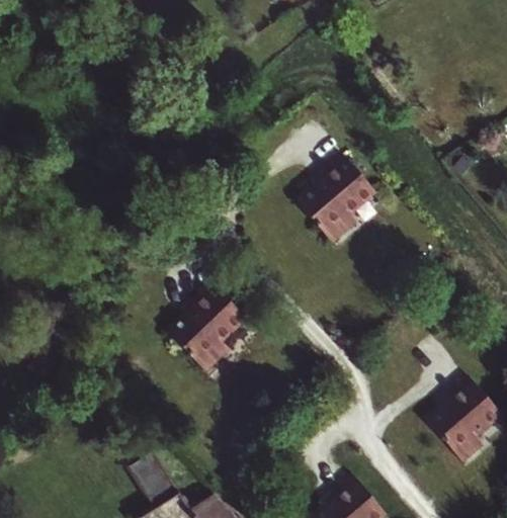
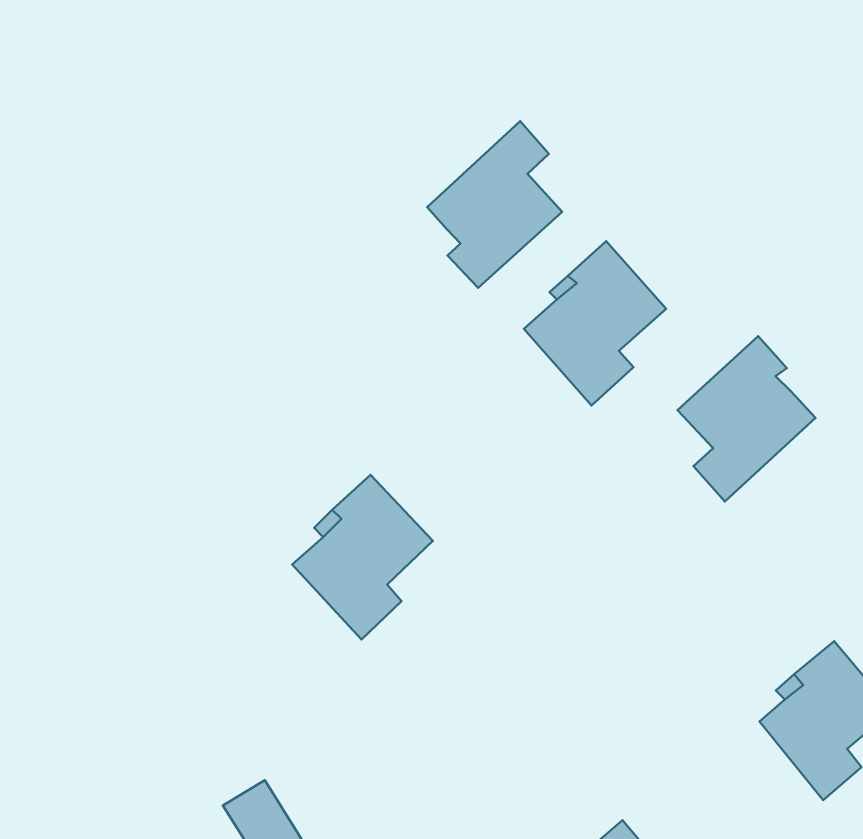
building: none -> [427,121,562,288]
building: none -> [677,336,816,501]

